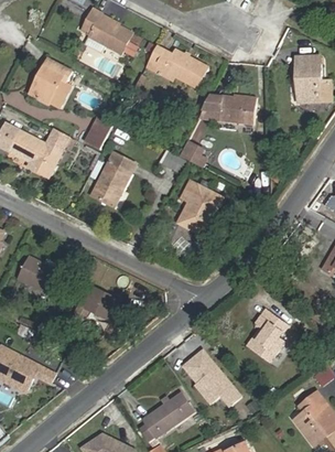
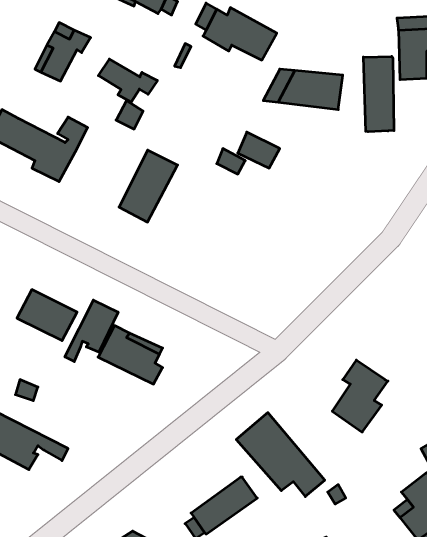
building: none -> [363,56,394,132]
building: none -> [98,59,157,102]
building: [177,182,221,234] -> none
building: none -> [65,300,118,362]

